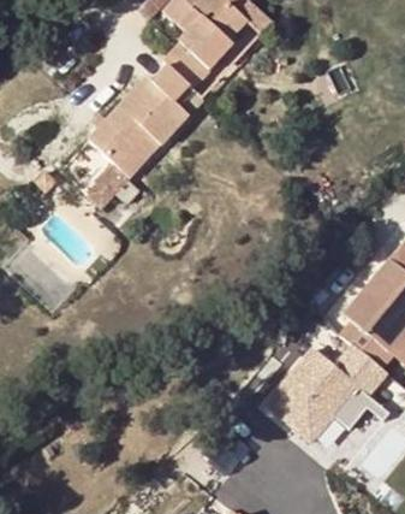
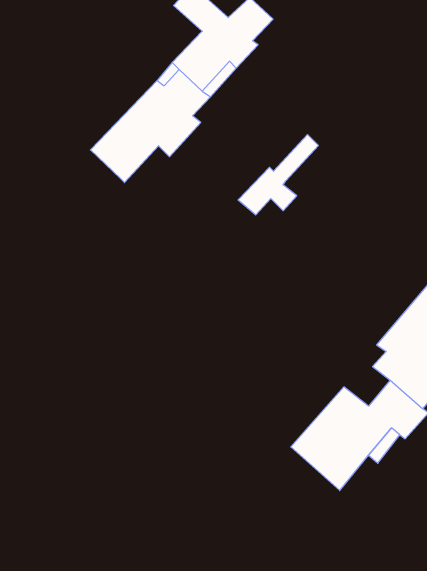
building: [89,134,160,205] -> [238,135,318,215]

